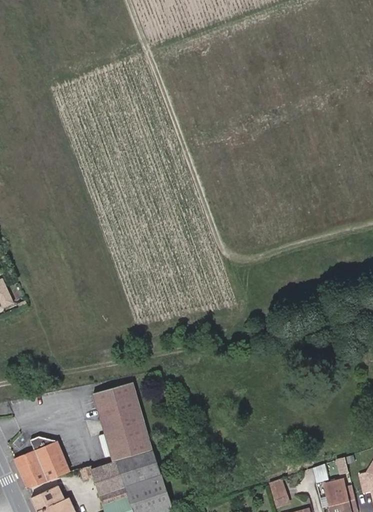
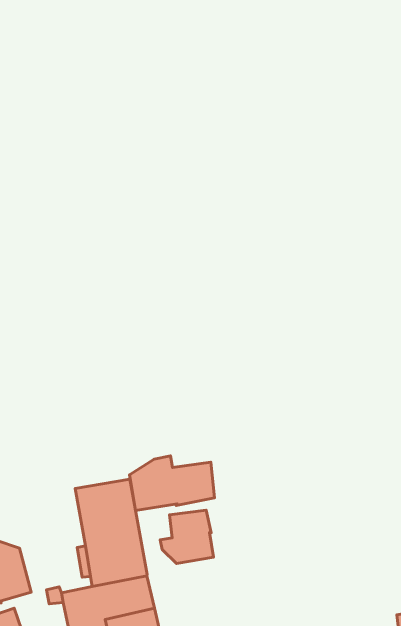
building: none -> [129,456,215,511]
building: none -> [160,510,213,564]

